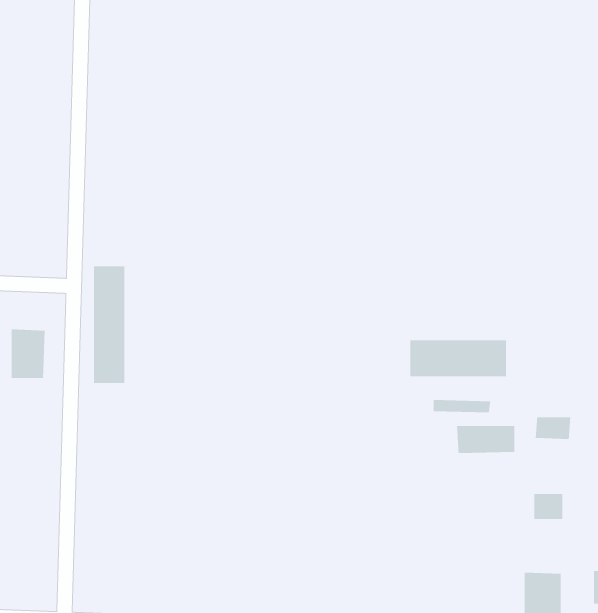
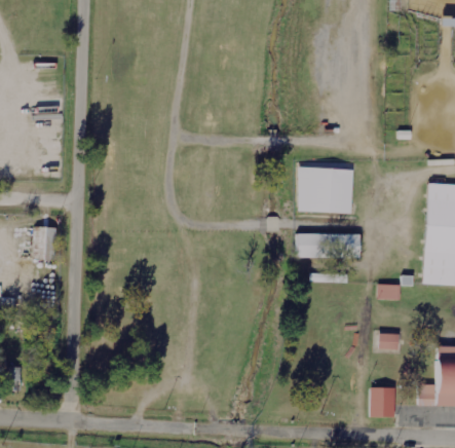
building: none -> [296,166,351,211]
building: [93,265,125,384] -> none
building: [456,425,515,454] -> none

